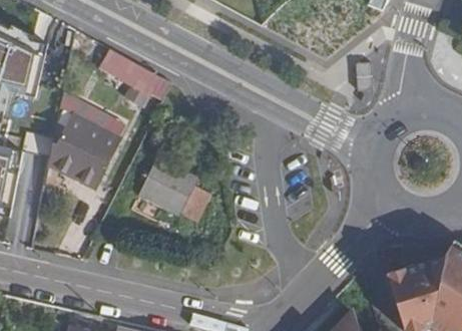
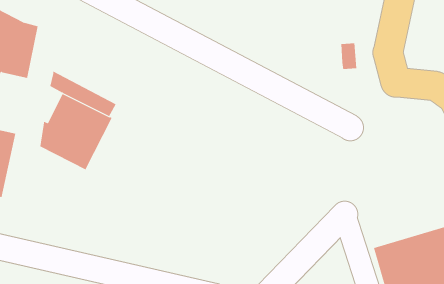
building: [99,49,158,107] -> none
building: [139,156,215,222] -> none

